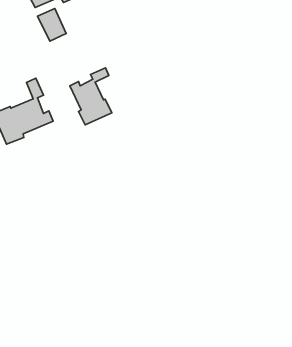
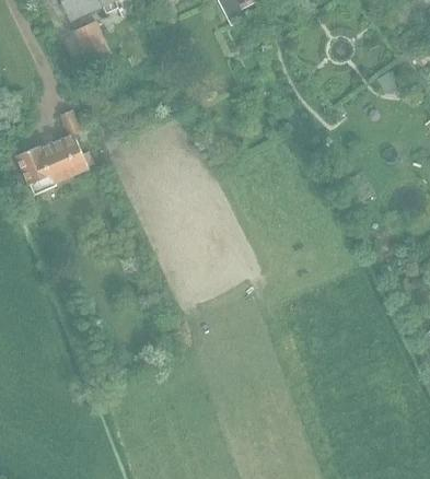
building: [70,68,112,125] -> none

